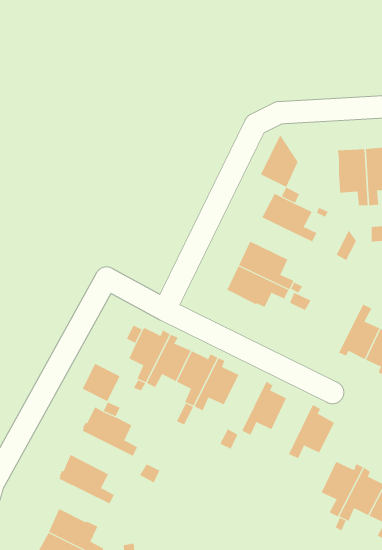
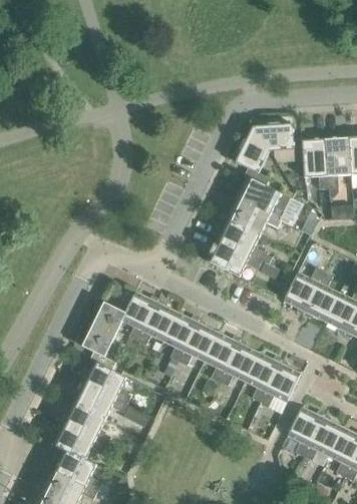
building: none -> [253,124,303,162]
building: none -> [227,199,281,235]
building: none -> [277,270,324,316]
building: none -> [93,303,125,336]
building: none -> [205,335,241,383]
building: none -> [246,355,281,403]
building: none -> [72,383,126,420]
building: none -> [52,424,106,461]

